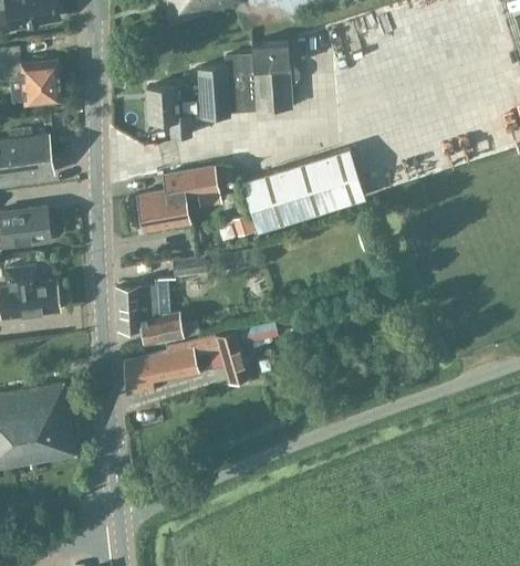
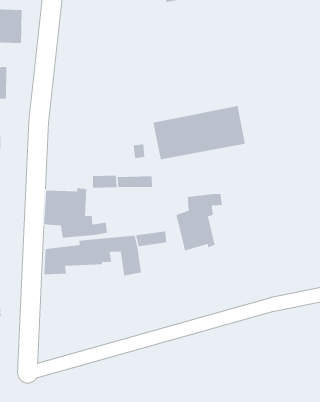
building: [146,42,300,136] -> none
building: [141,166,219,232] -> none
building: none -> [175,193,223,252]

